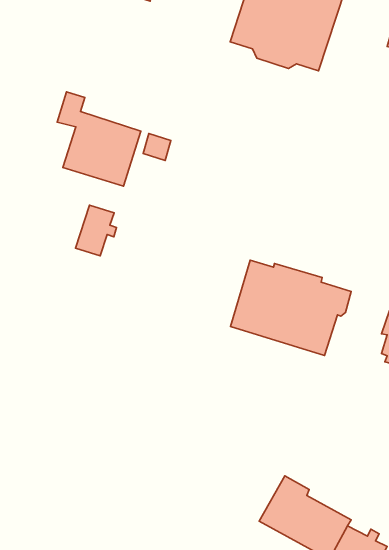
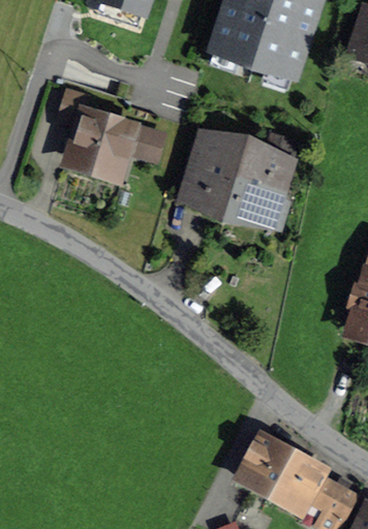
building: [76,205,116,256] -> none
building: [230,260,351,356] -> [185,136,293,221]

